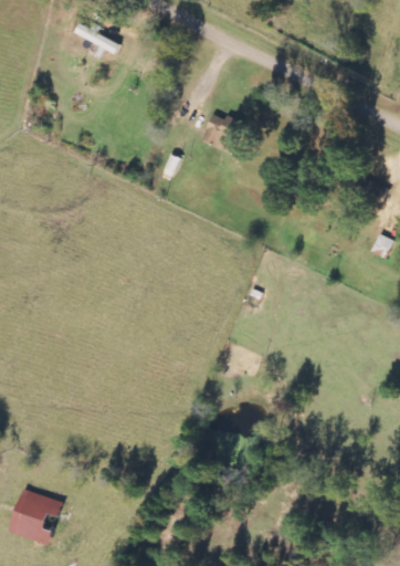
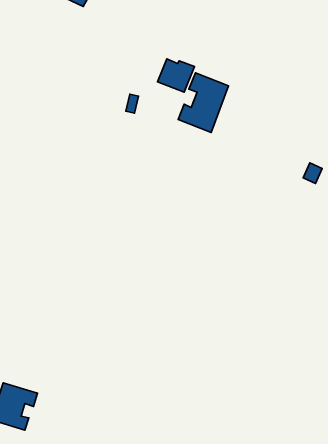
building: none -> [178,73,229,133]

